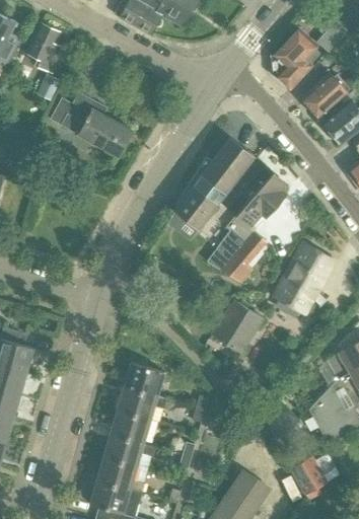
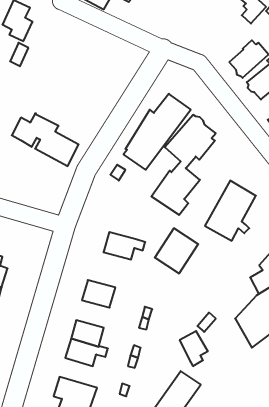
building: [271,30,320,88] -> none
building: [51,92,132,156] -> [12,113,79,166]
building: [117,387,167,421] -> [103,232,145,260]
building: [96,457,145,494] -> none
building: [292,459,327,502] -> [180,331,208,366]

